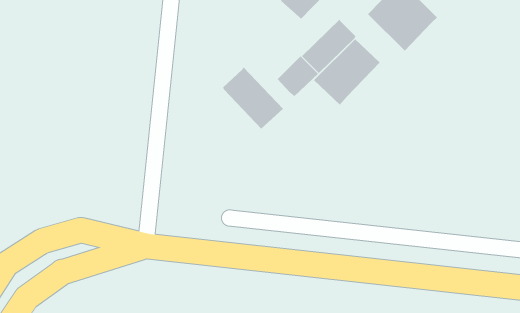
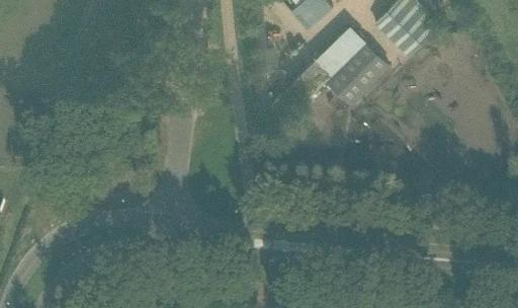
building: [222,67,284,130] -> none

